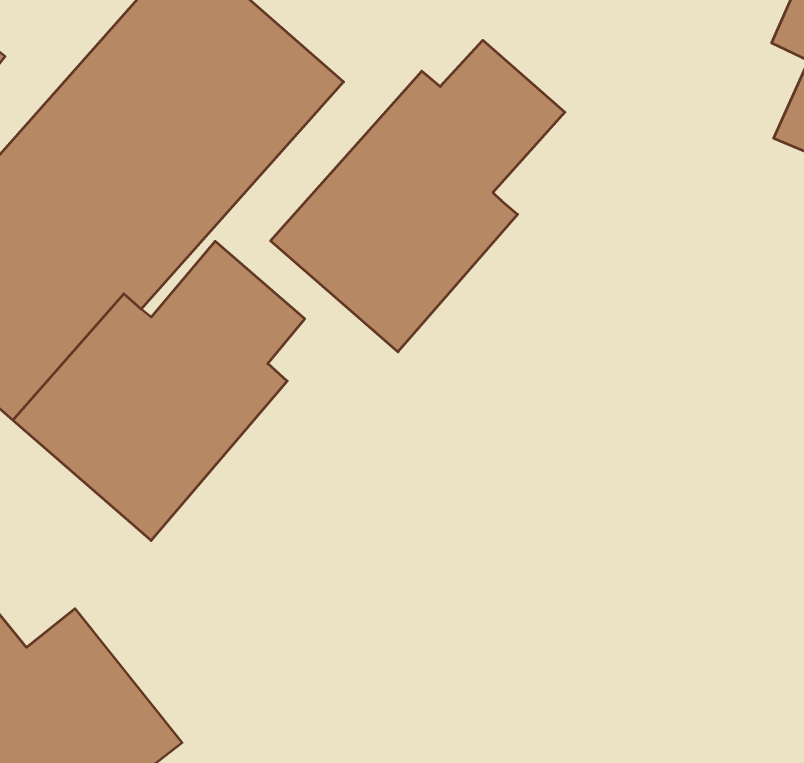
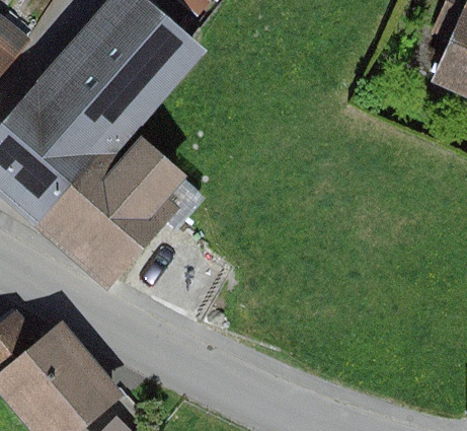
building: [271,40,565,352] -> none

